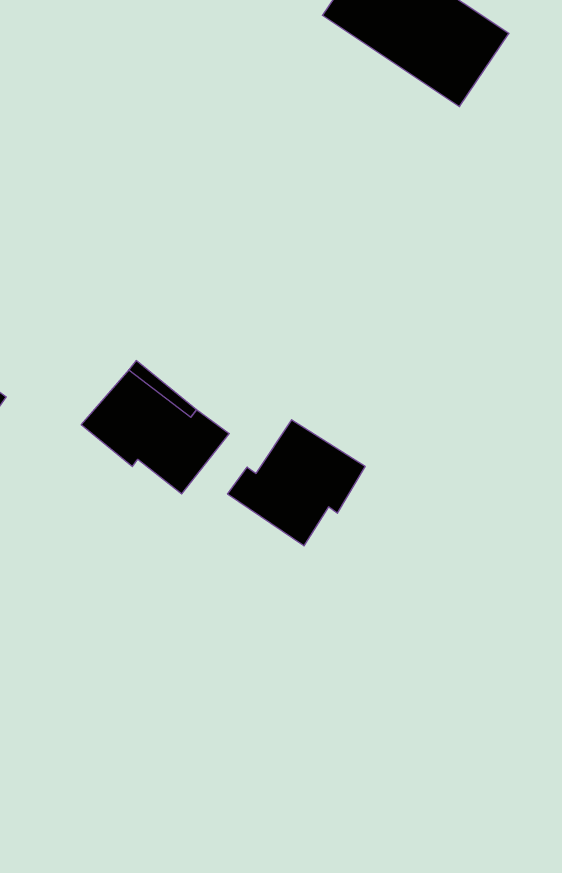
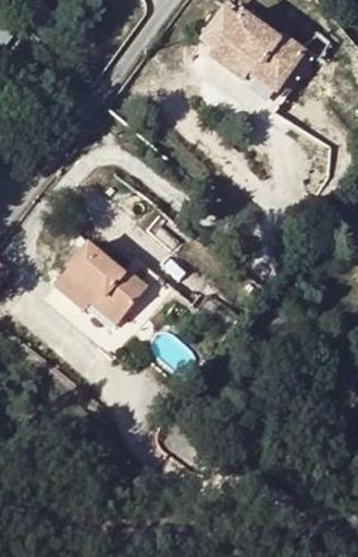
building: [228,420,365,546] -> none

